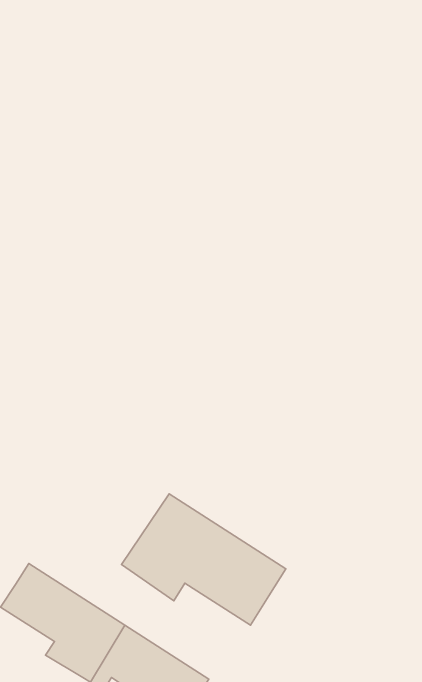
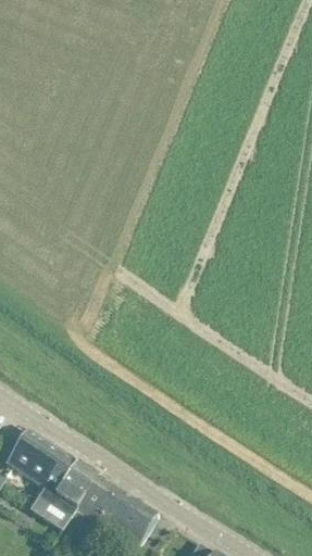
building: [121,494,286,625] -> none

